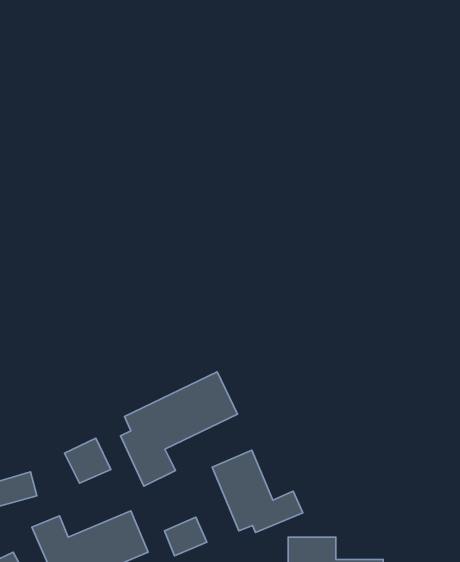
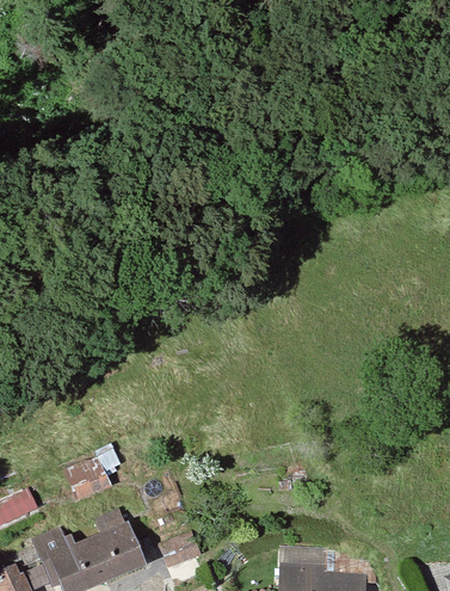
building: [121,372,237,486] -> none
building: [212,450,303,533] -> none

